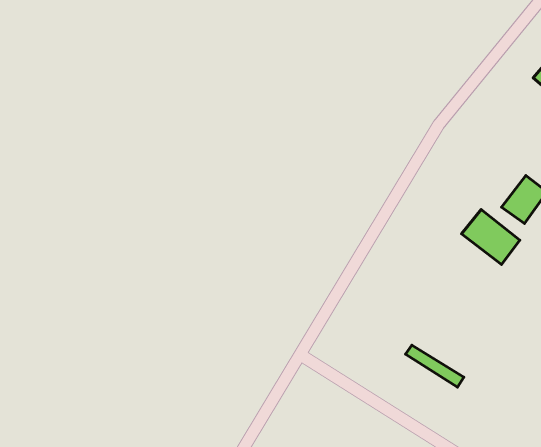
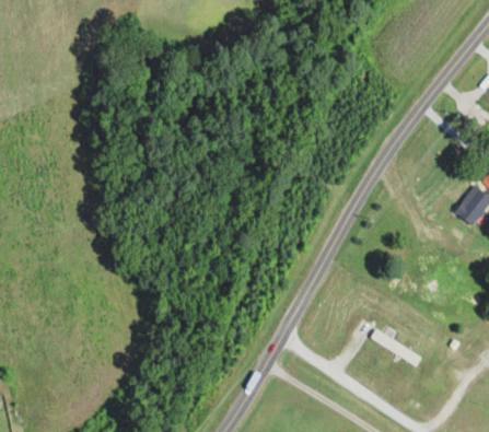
building: [461,209,520,264] -> none

